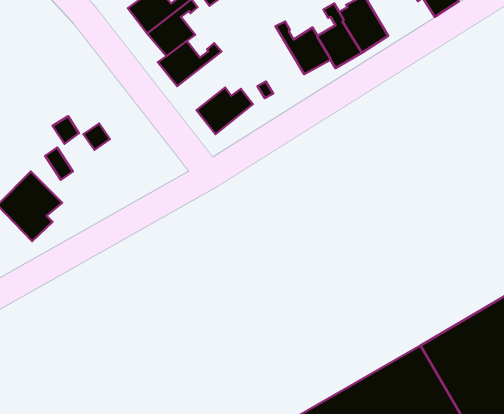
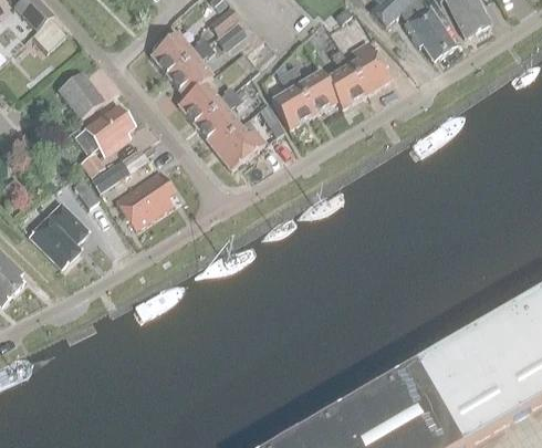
building: none -> [272,69,313,127]
building: none -> [60,71,103,116]
building: none -> [196,92,242,146]
building: none -> [85,103,135,153]
building: none -> [115,168,176,228]

